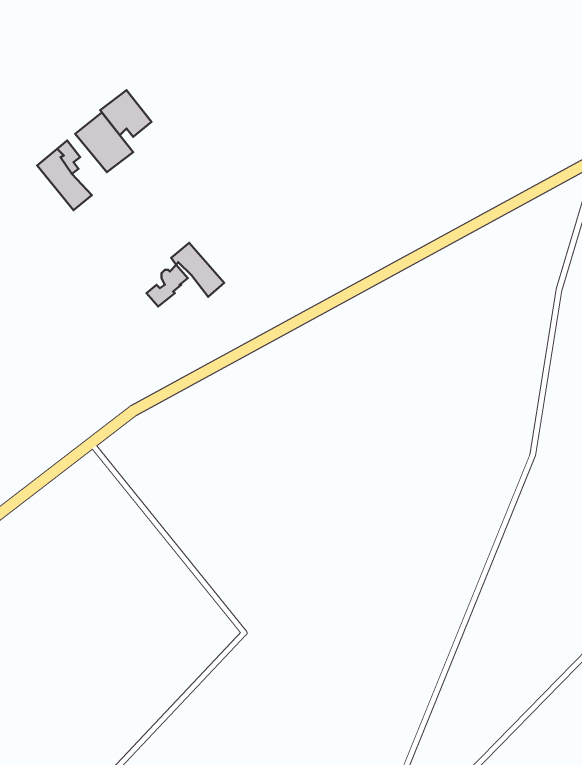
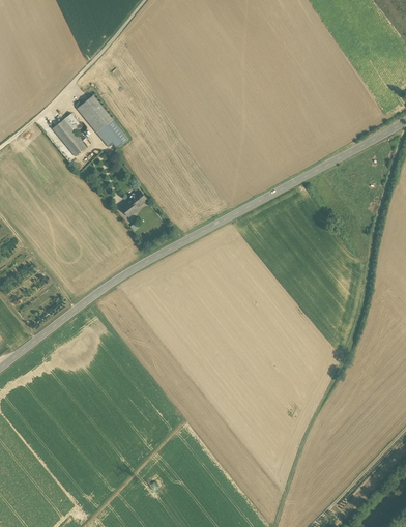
building: [100,90,151,137] -> [95,119,127,148]
building: [171,243,224,297] -> none

